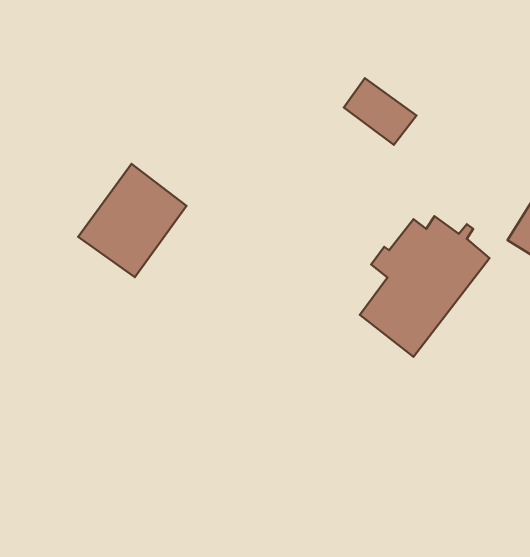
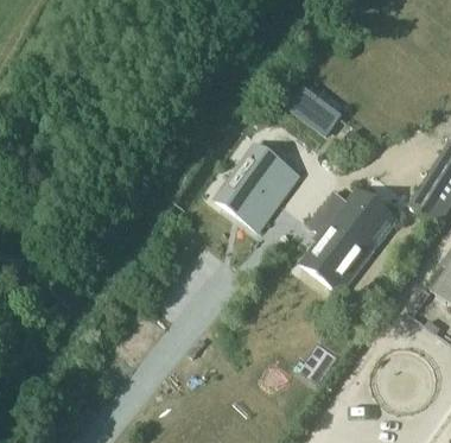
building: [78,164,187,277] -> [217,144,297,227]

